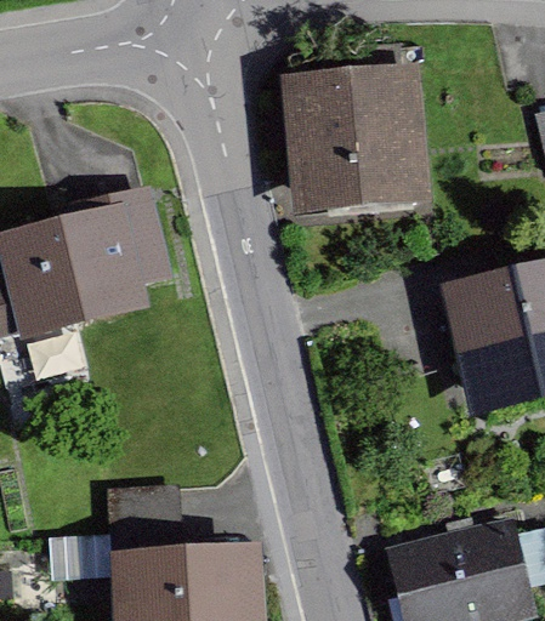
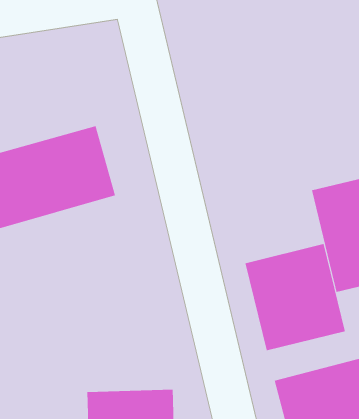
building: [273,63,421,211] -> none
building: none -> [245,243,345,351]

